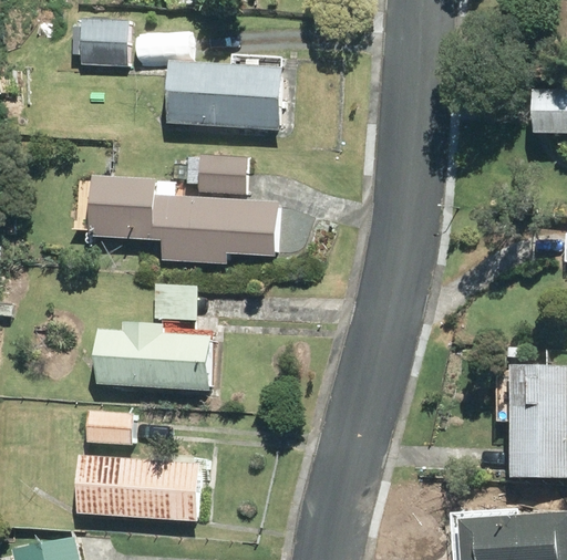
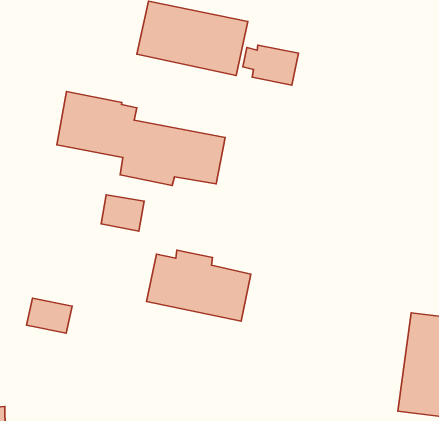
building: [186,156,246,195] -> [243,45,299,85]
building: [97,322,209,391] -> [146,250,251,321]
building: [76,456,199,521] -> none

